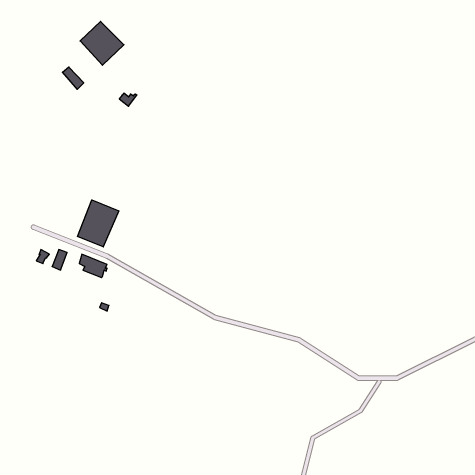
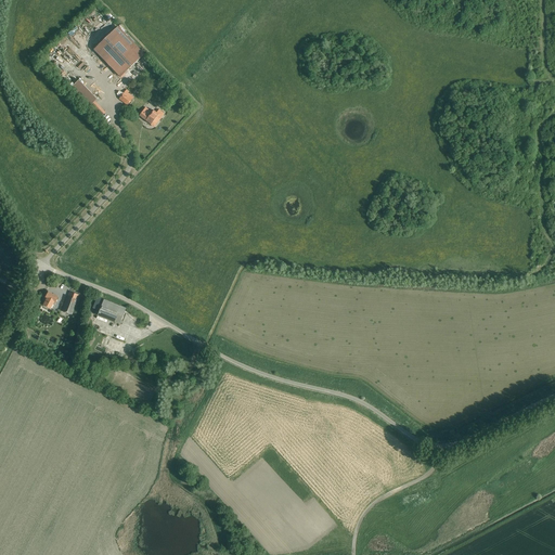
building: [77,200,119,247] -> none

